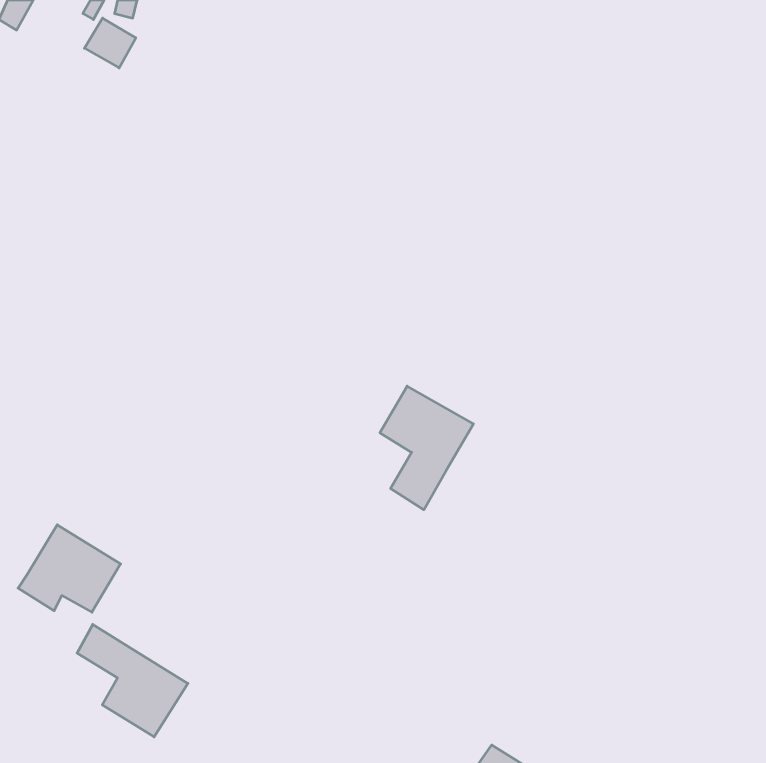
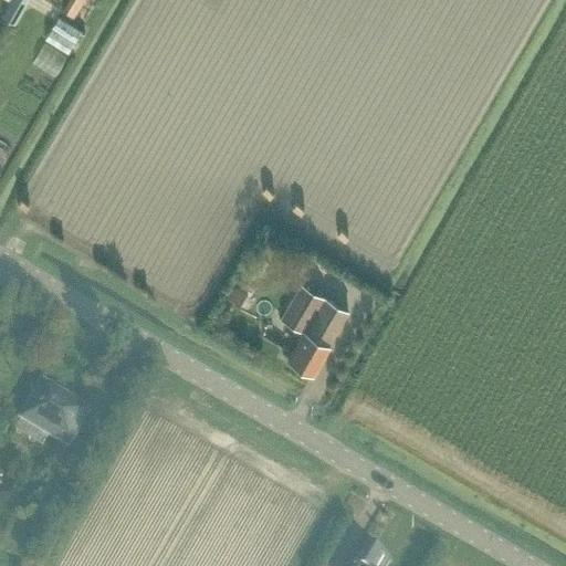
building: [77,624,188,737] -> none

